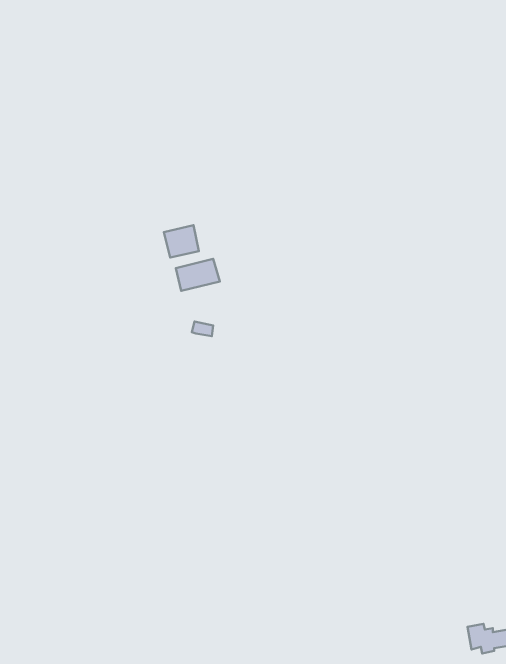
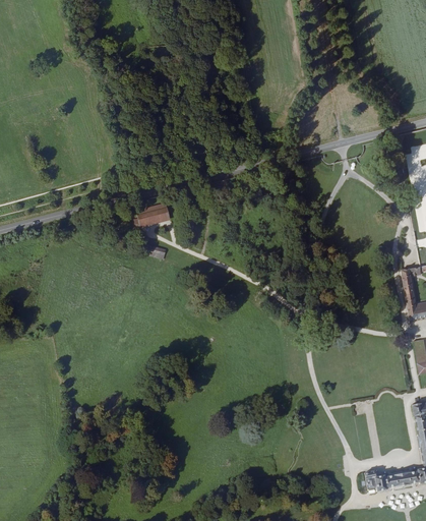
building: [164,225,199,258] -> none

